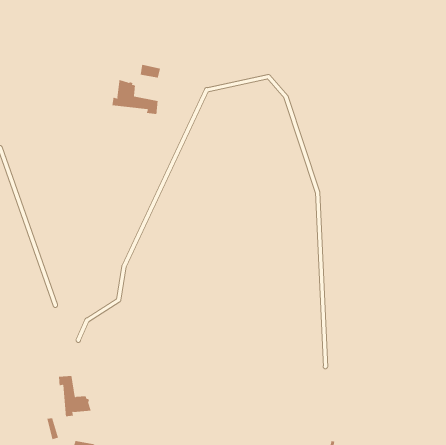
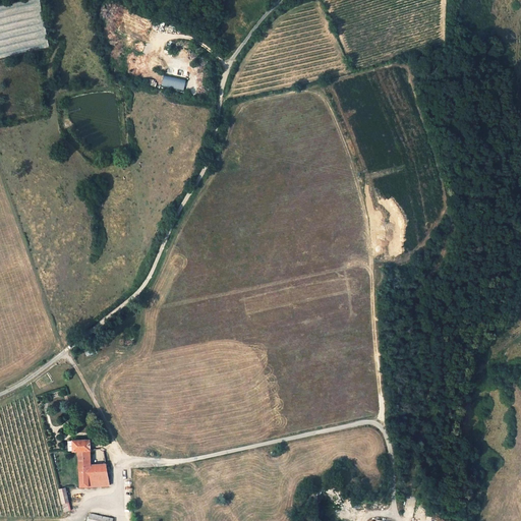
building: [112,79,158,115] -> none

